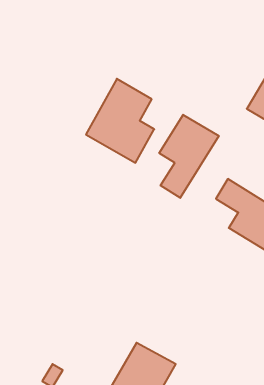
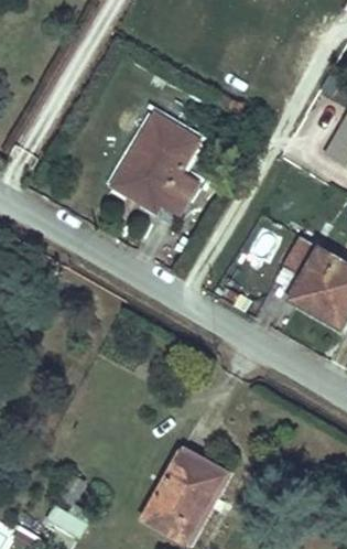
building: [159,115,219,198] -> none

